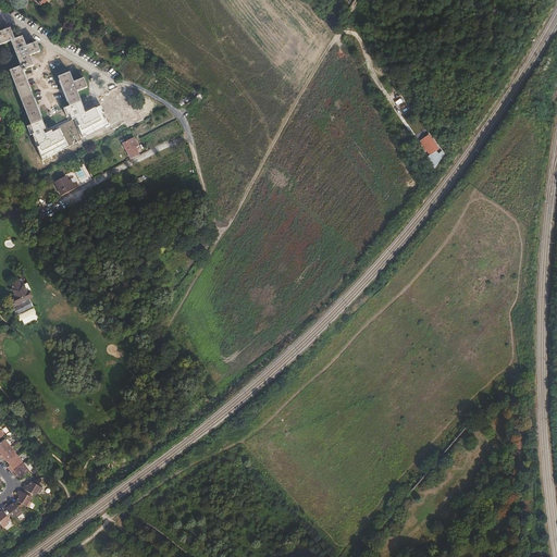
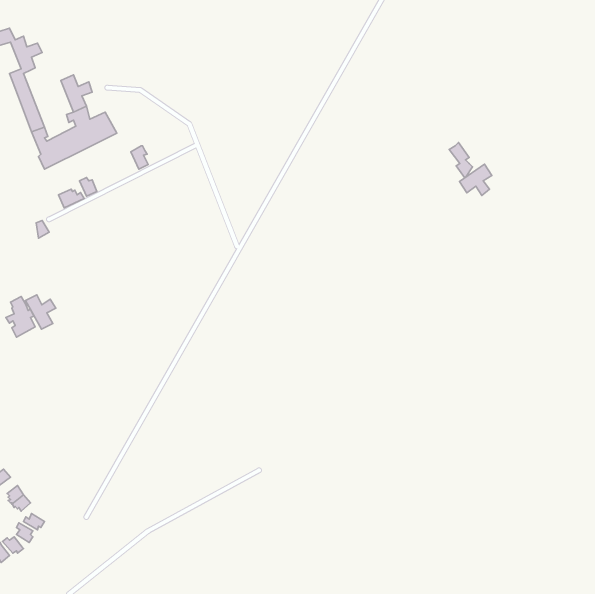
building: none -> [460,164,492,195]
building: none -> [25,295,56,329]

